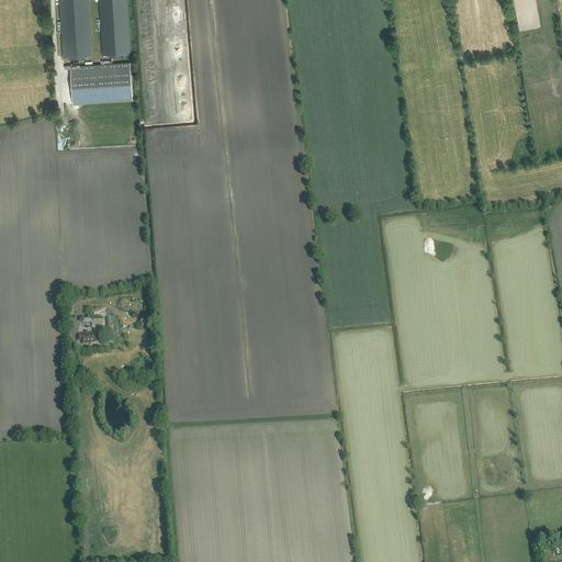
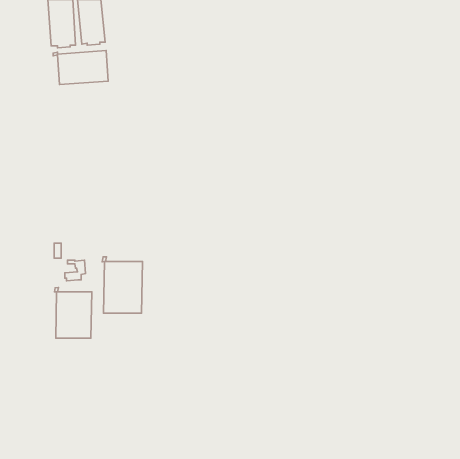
building: none -> [102,257,142,313]
building: none -> [55,288,92,338]

